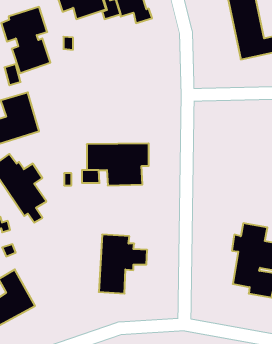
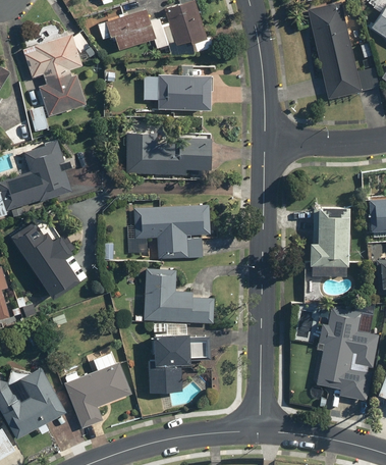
building: none -> [143,66,213,110]
building: none -> [125,133,212,174]
building: none -> [311,204,352,274]
building: none -> [143,269,215,324]
building: none -> [64,360,132,428]

